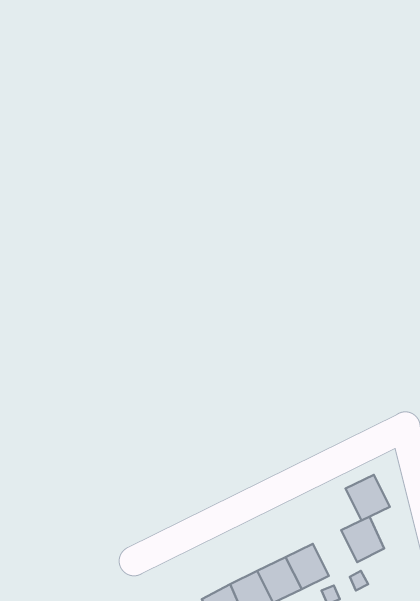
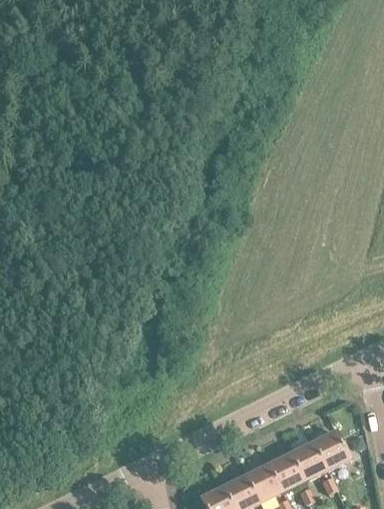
building: [345,475,390,520] -> [289,443,325,480]

